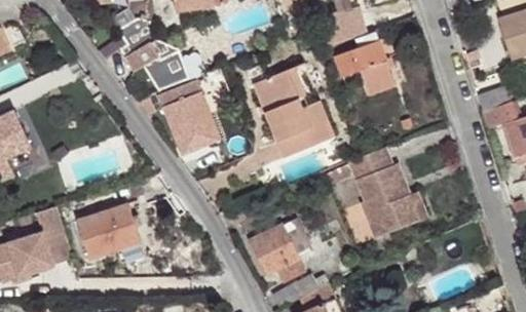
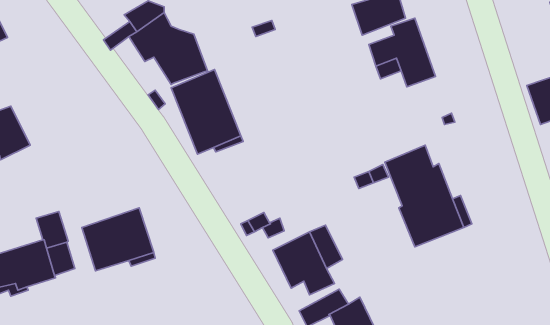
building: [253,66,335,158] -> none

